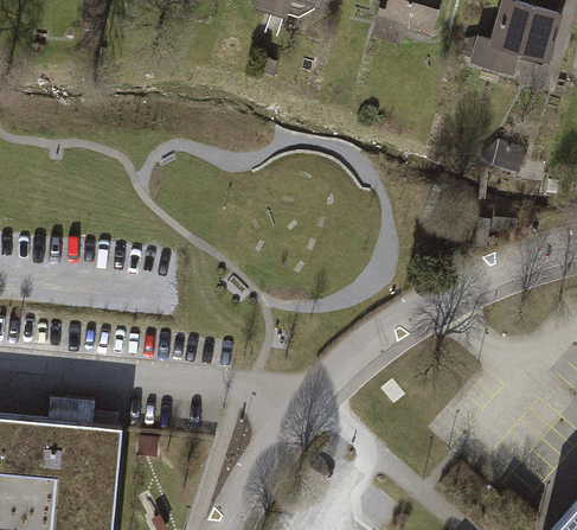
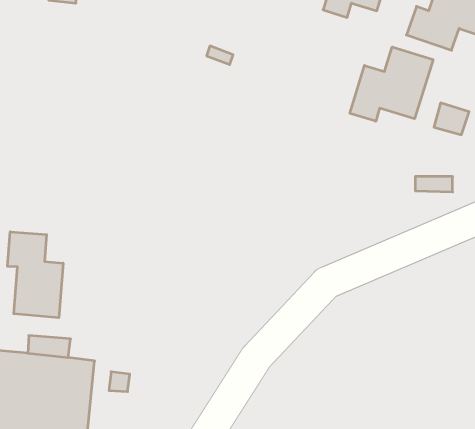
building: none -> [350,47,433,121]
building: none -> [8,232,63,318]

